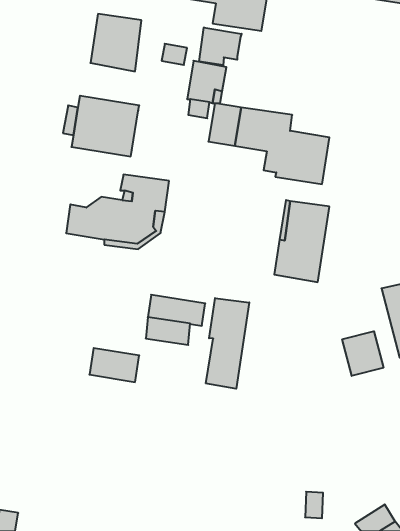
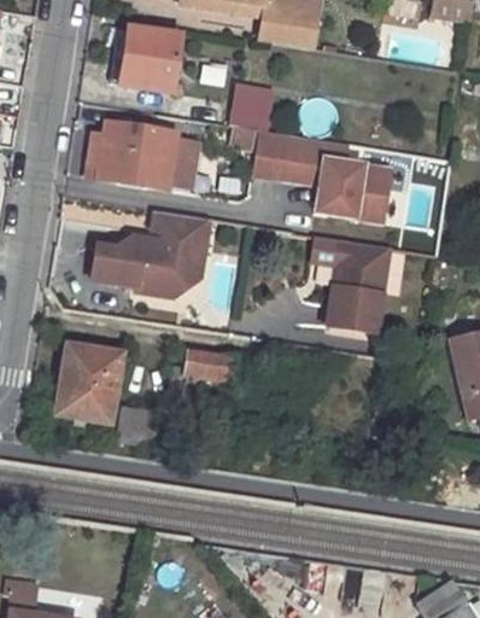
building: [199,27,242,65] -> none
building: none -> [165,138,197,187]
building: none -> [57,345,119,420]
building: [206,298,249,389] -> none
building: [342,331,383,376] -> none

